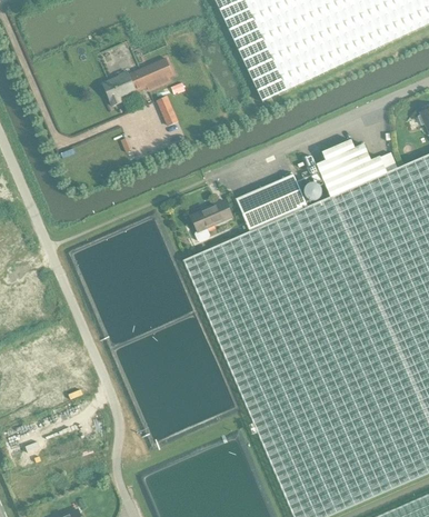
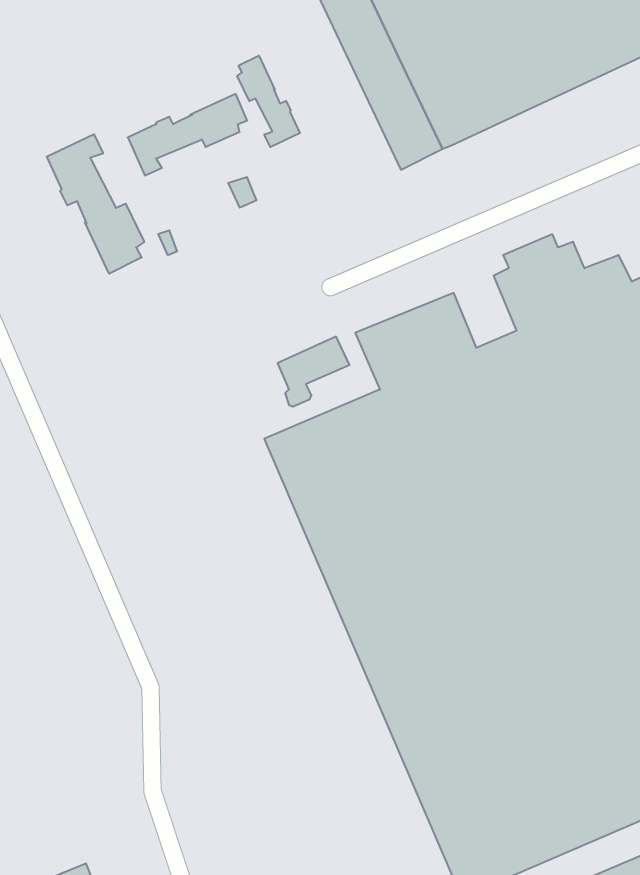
building: none -> [237,56,300,147]
building: none -> [47,134,144,274]

